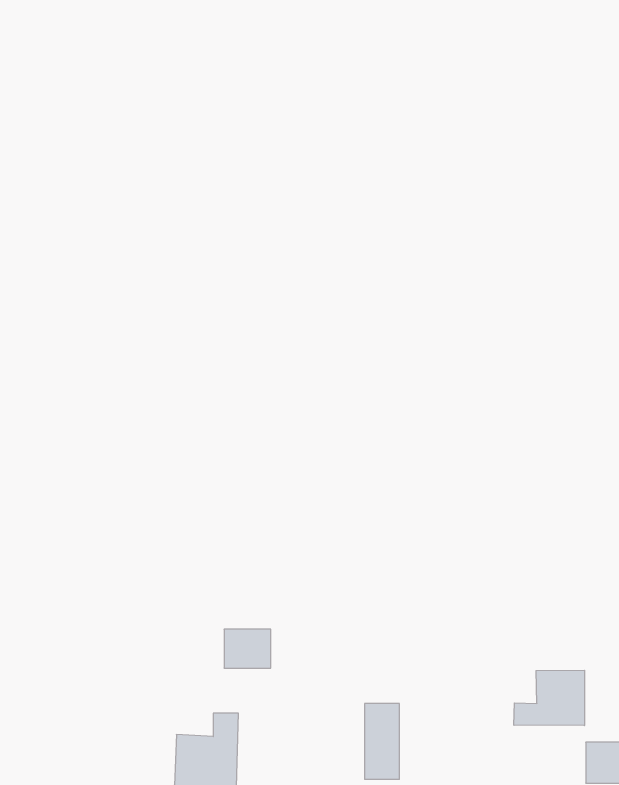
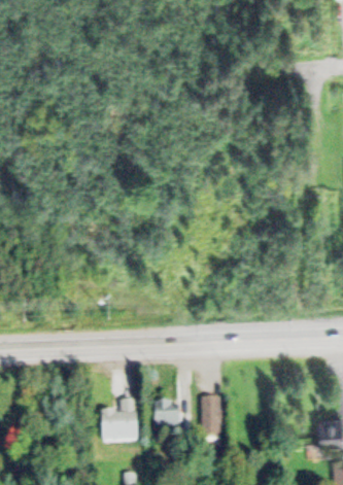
building: [224,629,271,668] -> [152,408,177,428]
building: [514,670,584,726] -> none

